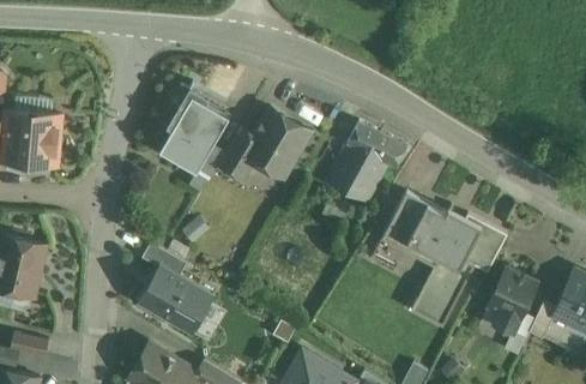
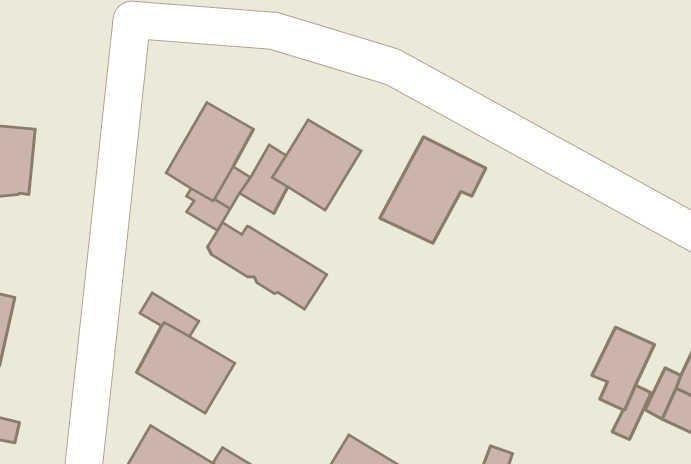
building: none -> [208,223,327,309]
building: [382,191,503,323] -> none

